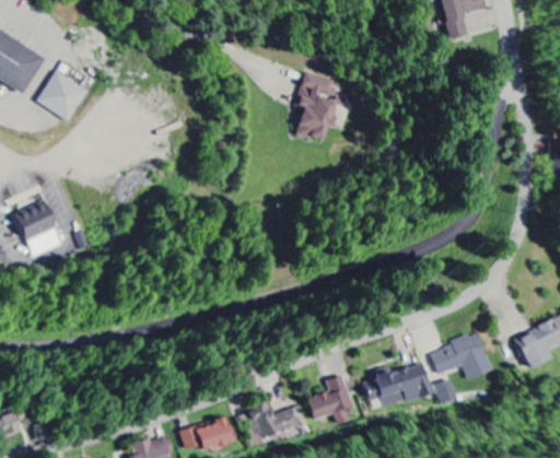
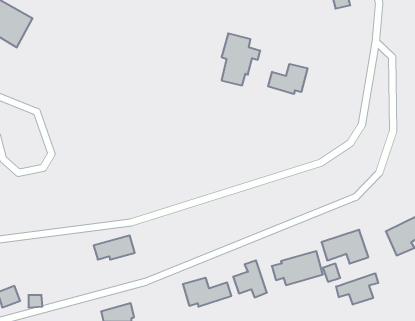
building: [35,72,85,122] -> none
building: none -> [268,64,308,94]
building: [12,203,61,258] -> none
building: none -> [336,273,378,305]
building: [186,415,241,447] -> [94,236,135,260]

